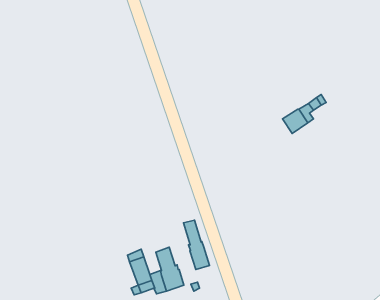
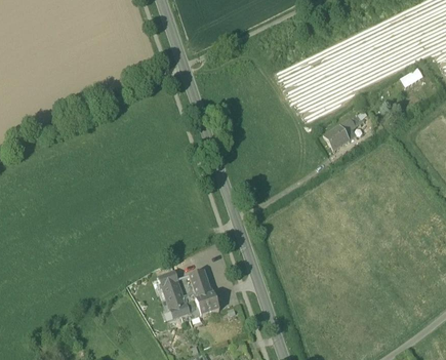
building: [183,220,210,269] -> none

